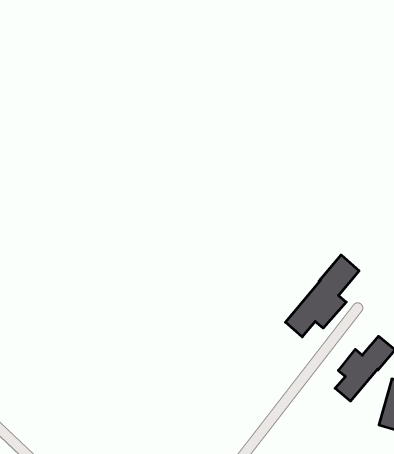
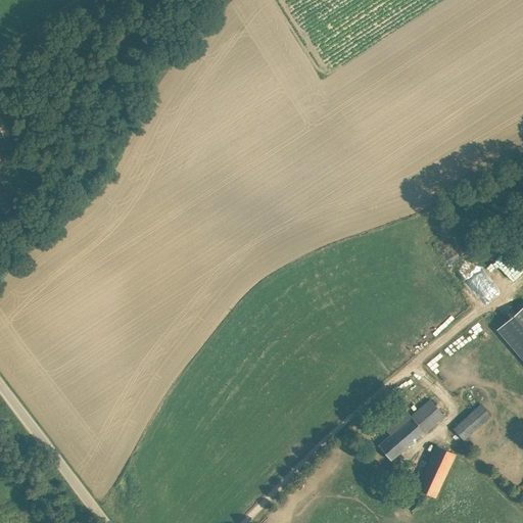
building: [285,255,359,337] -> none

